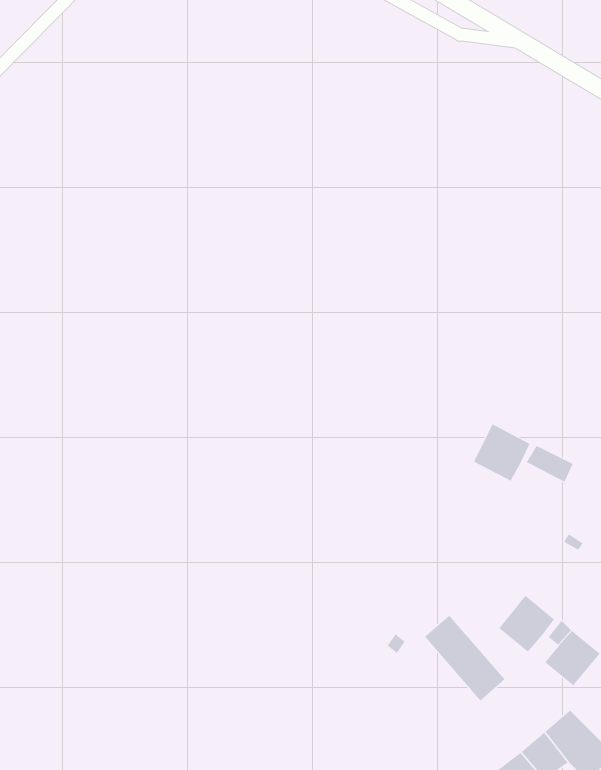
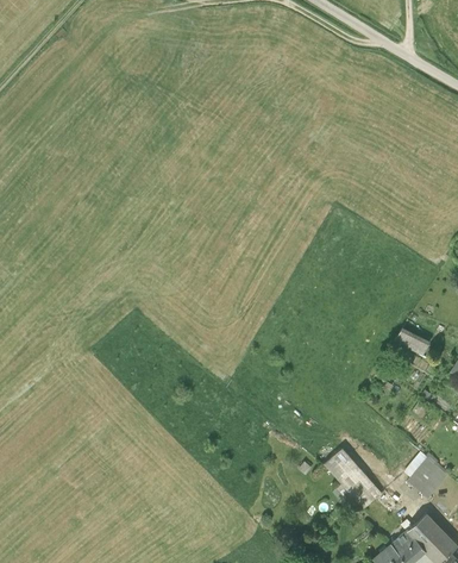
building: [473,424,530,481] -> none
building: [498,595,555,653] -> none

